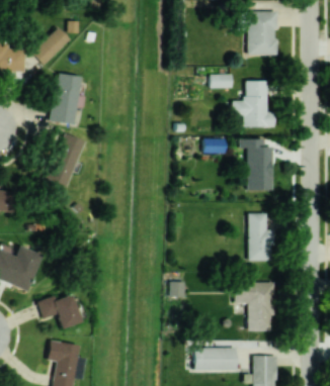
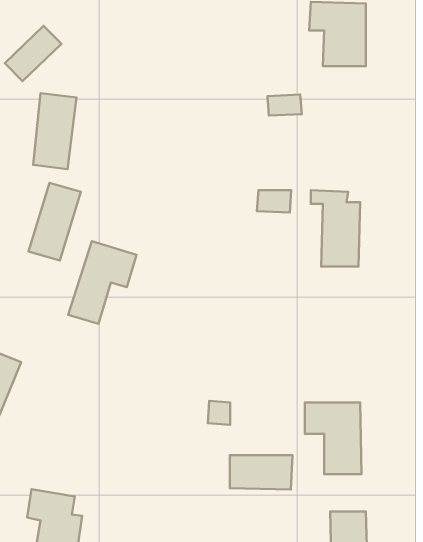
building: [233,80,275,126] -> none
building: none -> [68,241,137,324]
building: [248,213,274,261] -> none
building: [37,294,81,328] -> none
building: [195,348,238,371] -> [230,455,292,489]

